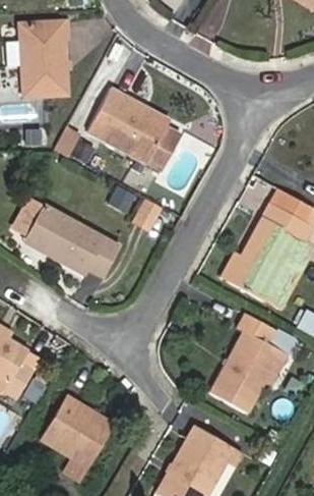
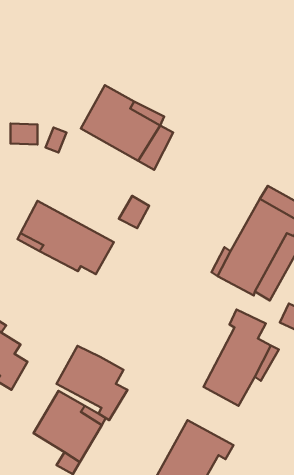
building: [22,19,68,92] -> none
building: none -> [56,346,127,420]

